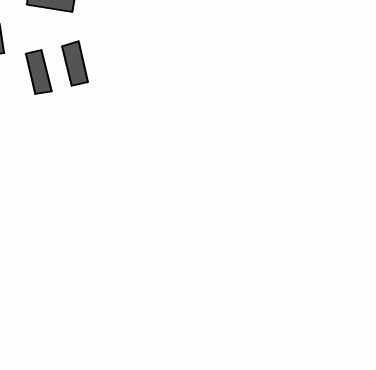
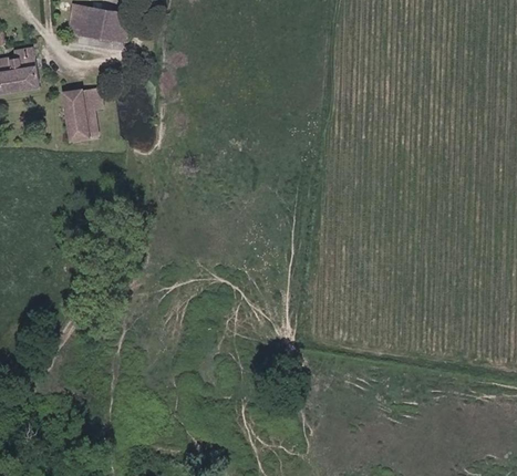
building: [62,41,88,86] -> none

